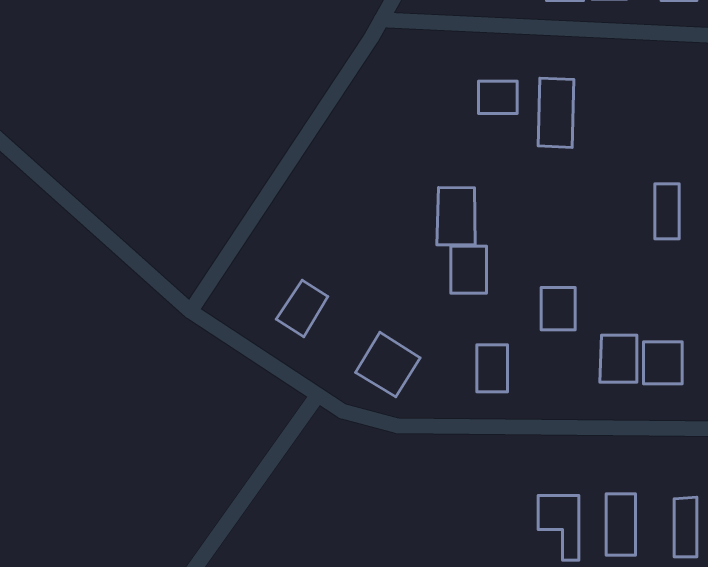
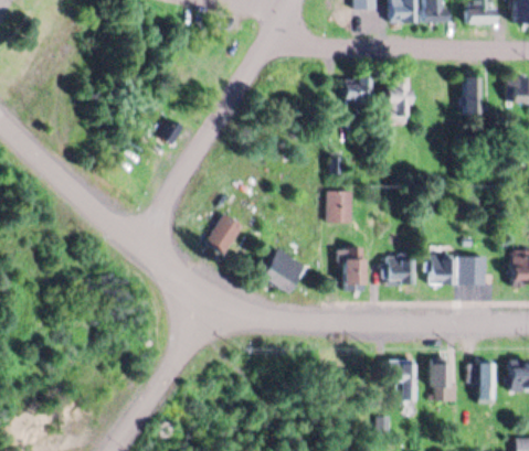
building: [655,184,679,239] -> [463,77,479,115]
building: [437,187,475,245] -> none
building: [541,288,575,330] -> [389,256,412,284]

